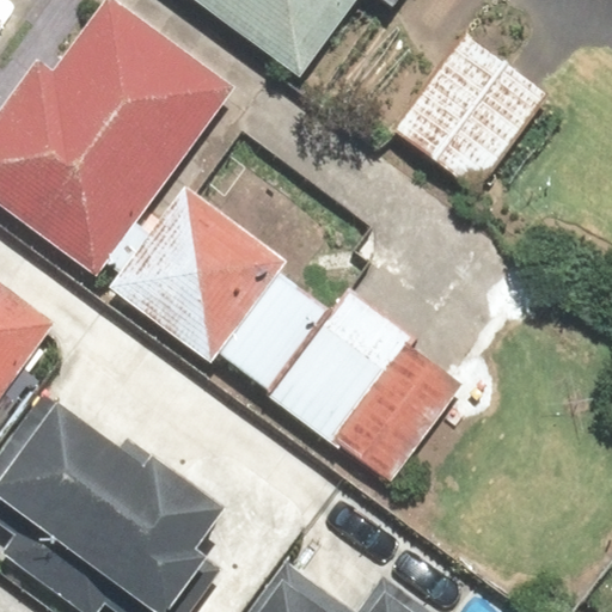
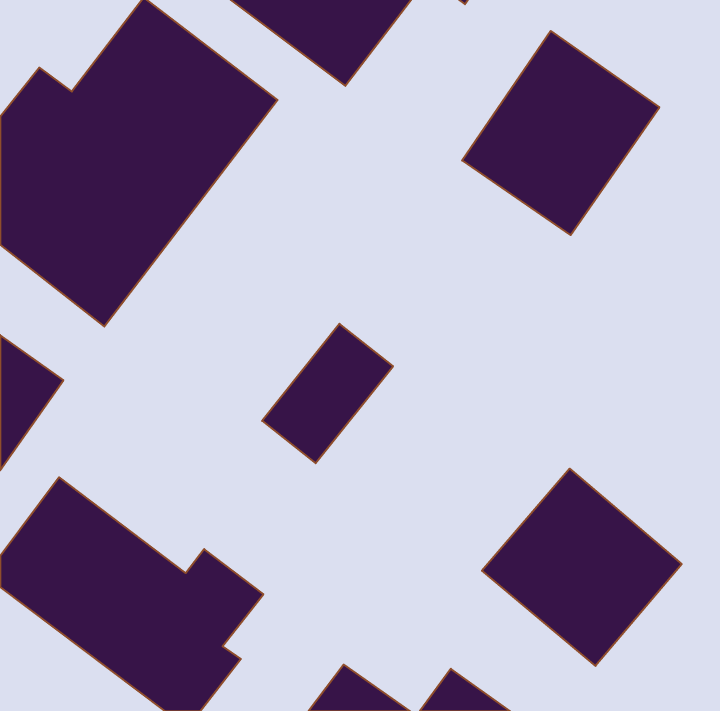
building: [112,185,284,360] -> none
building: [276,300,464,486] -> none
building: none -> [482,469,682,666]

